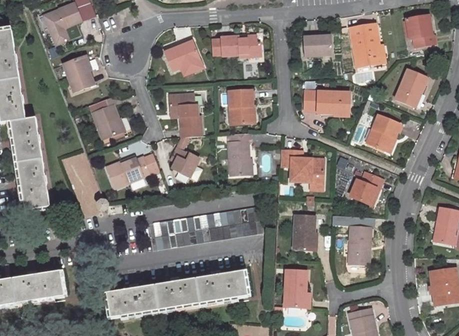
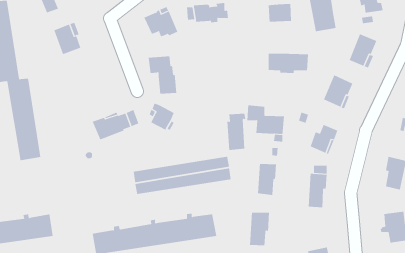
building: [228,89,253,123] -> none
building: [92,96,122,139] -> none
building: [229,132,251,174] -> [227,113,246,151]

